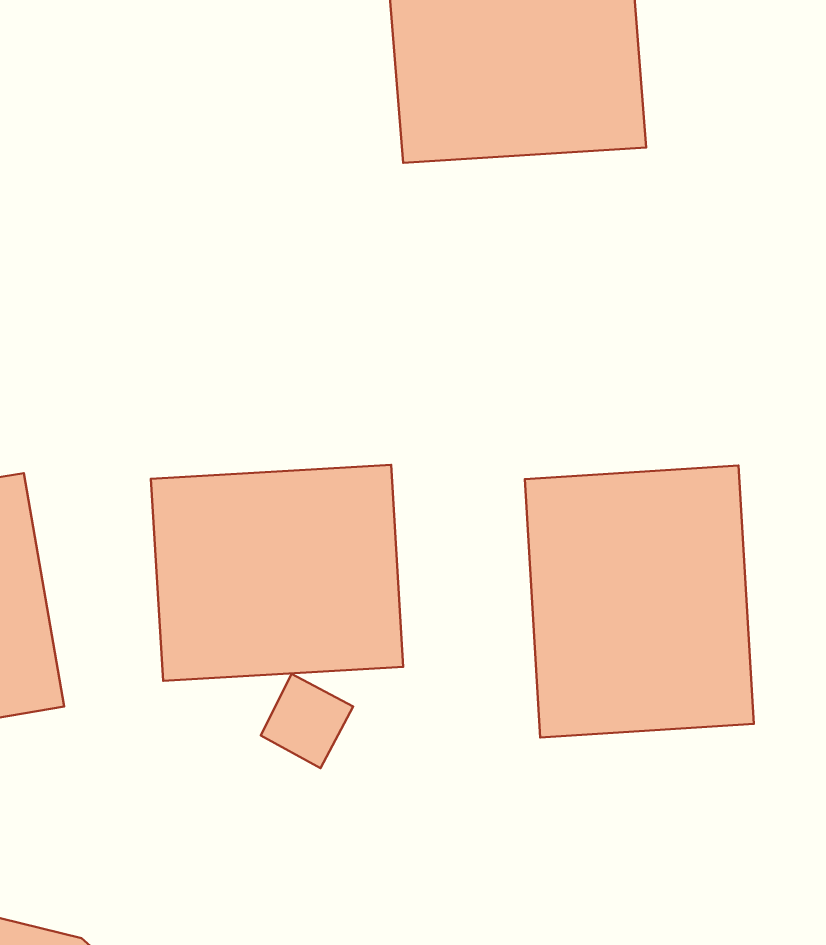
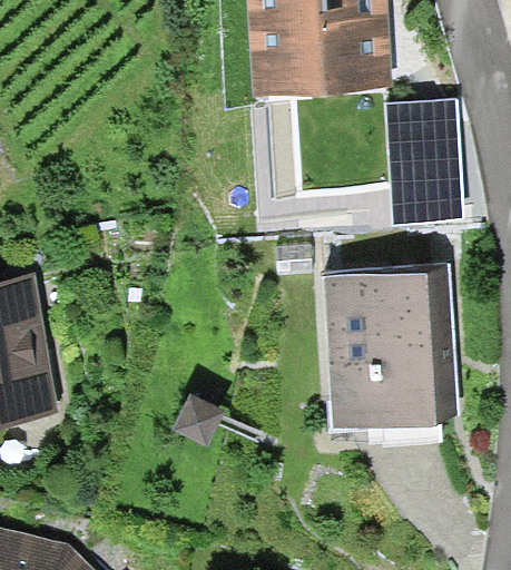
building: none -> [385,98,462,223]
building: [151,465,403,681] -> none

